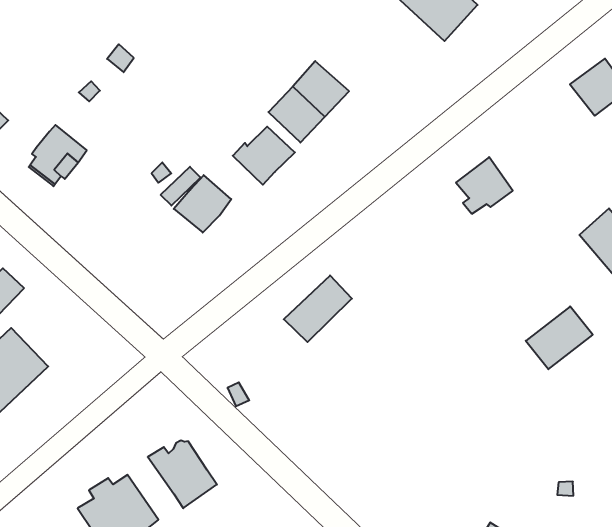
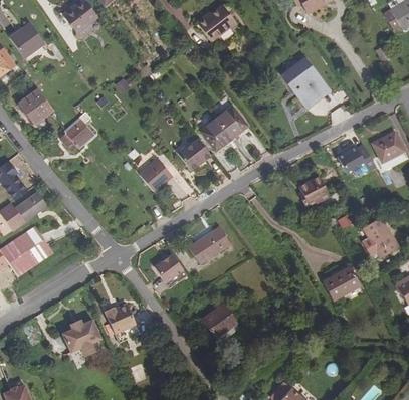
building: none -> [336,142,376,175]
building: none -> [152,246,185,285]
building: none -> [203,305,236,337]

